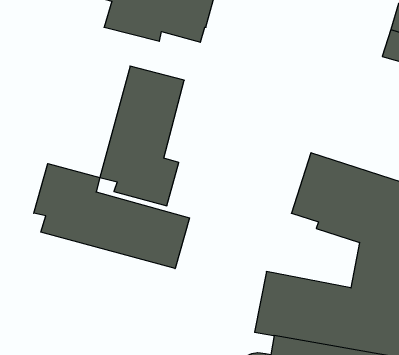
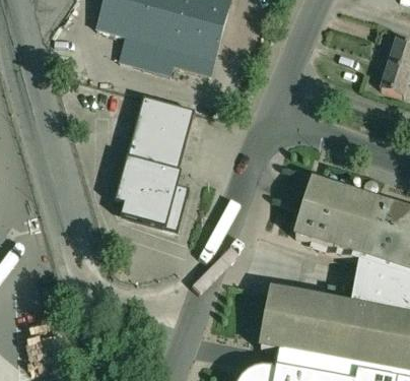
building: [34,164,190,269] -> none

